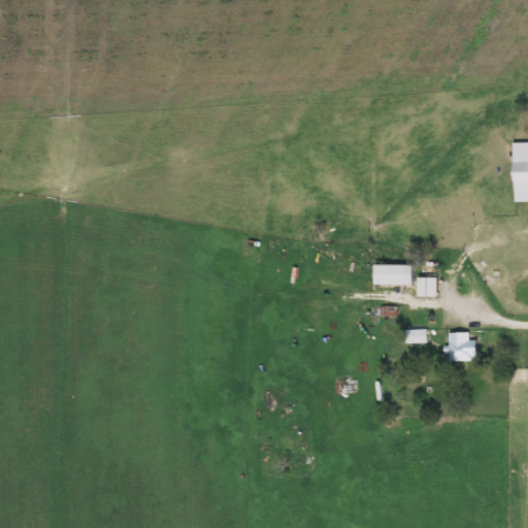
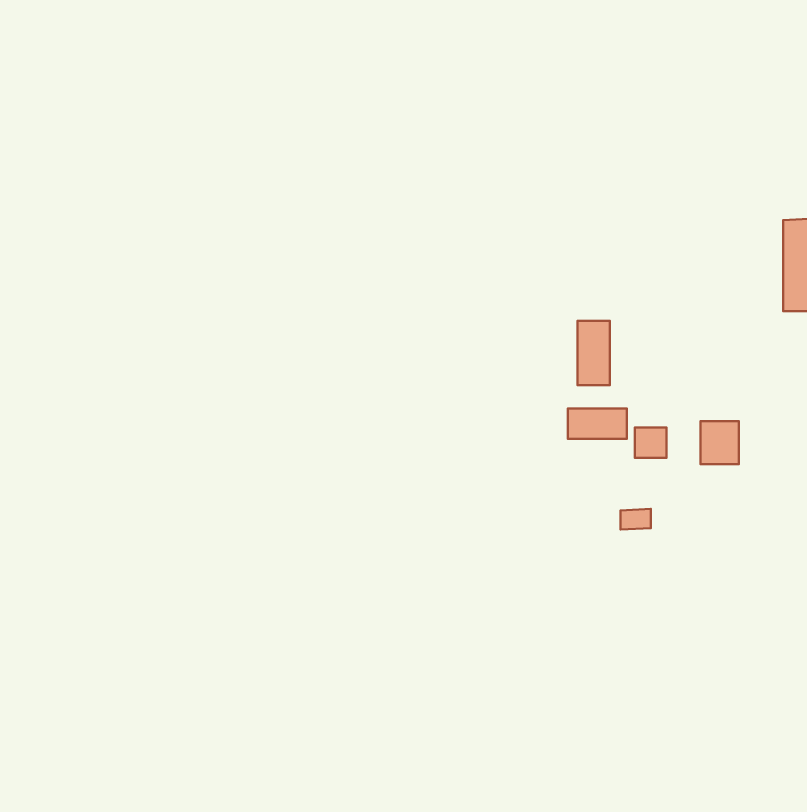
building: none -> [577,321,610,385]
building: [450,332,474,360] -> [701,421,739,464]

